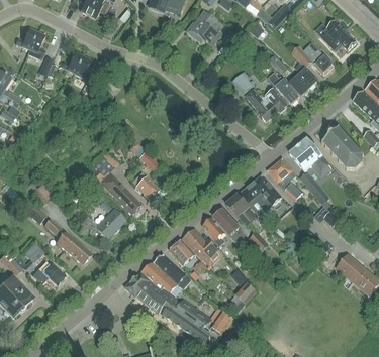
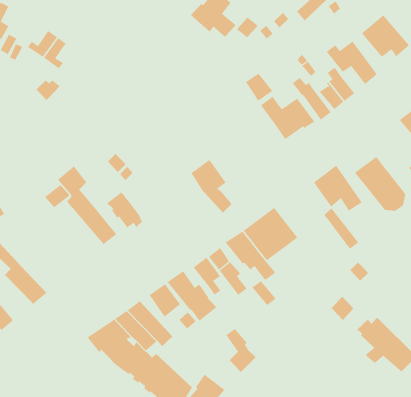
building: [267,157,301,199] -> [191,159,233,214]
building: [95,208,124,237] -> none

